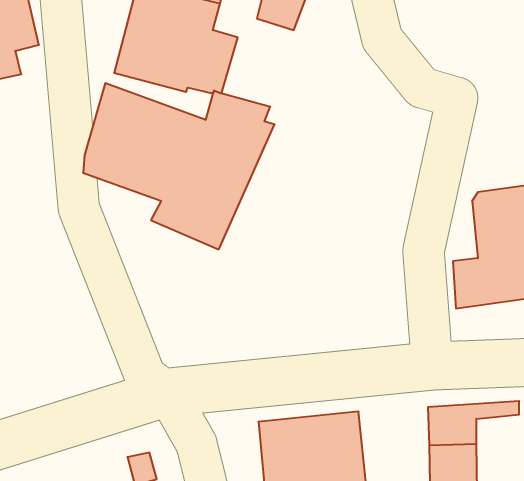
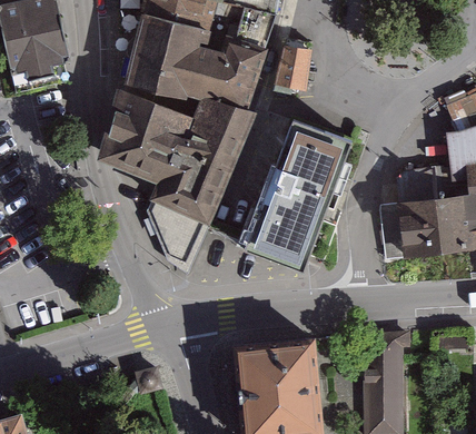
building: none -> [208,38,262,108]
building: none -> [272,39,310,92]
building: none -> [248,121,350,264]
building: none -> [148,194,210,272]

